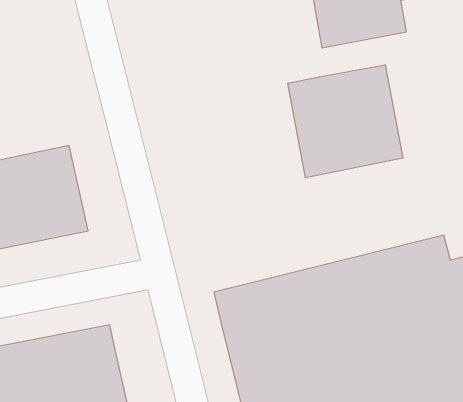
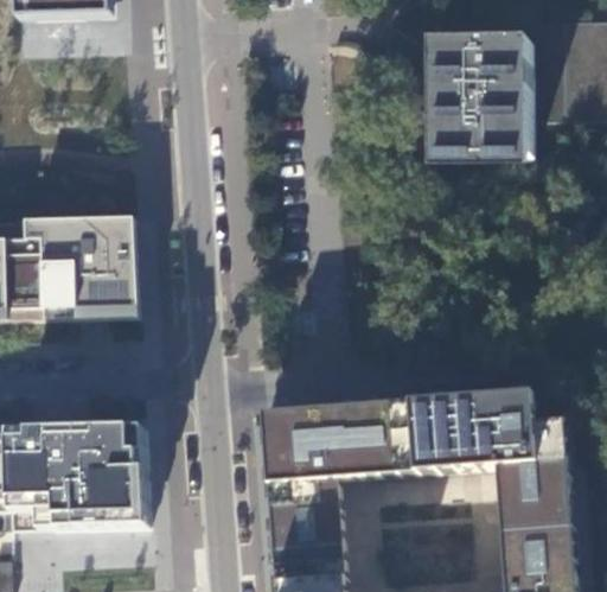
building: [288,65,403,178] -> none

